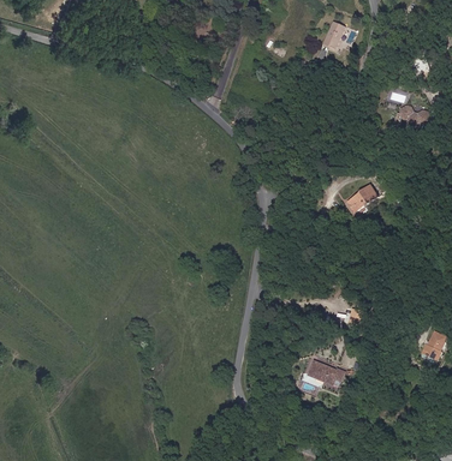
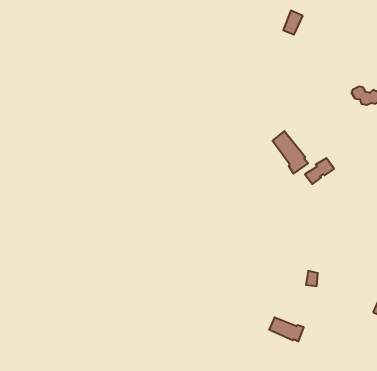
building: none -> [273,131,308,174]

